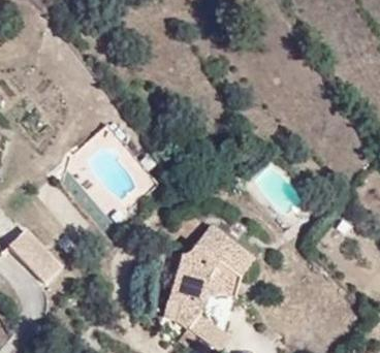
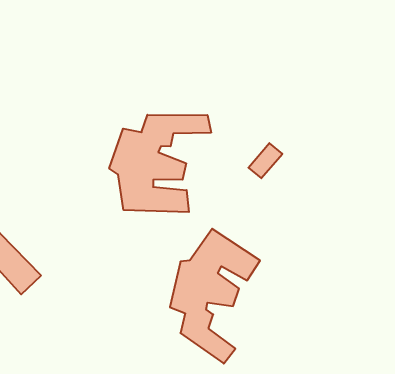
building: none -> [109,115,211,212]

